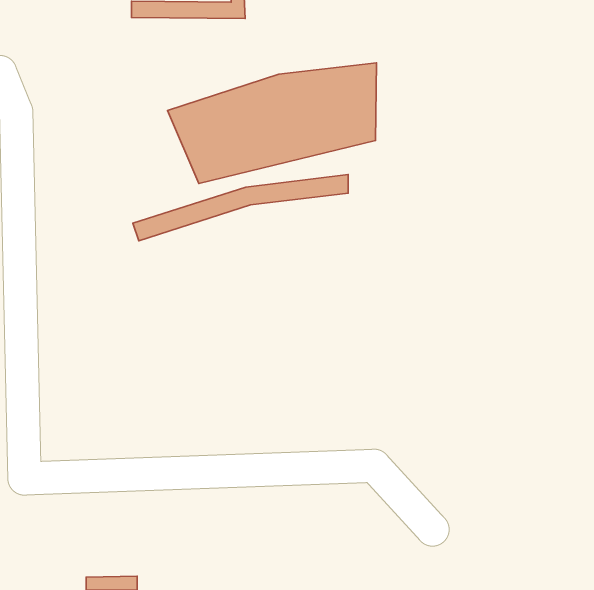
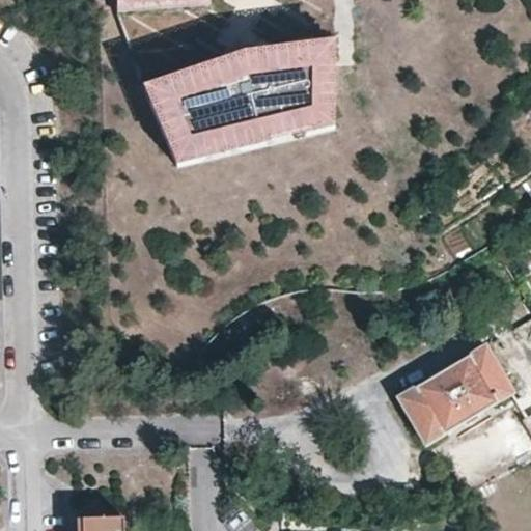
building: [133,175,348,241] -> [144,39,336,99]
building: none -> [398,339,514,440]

